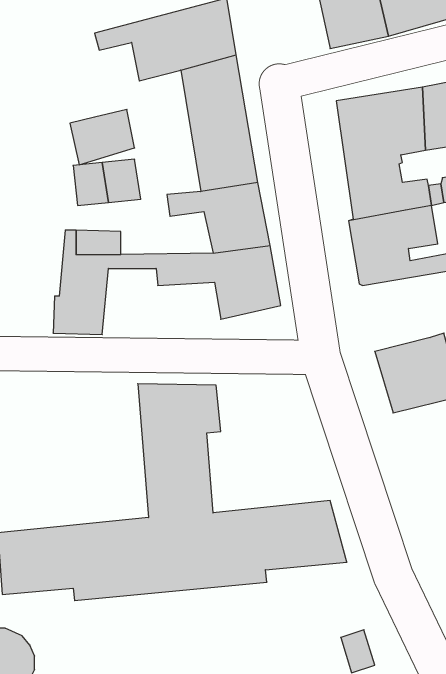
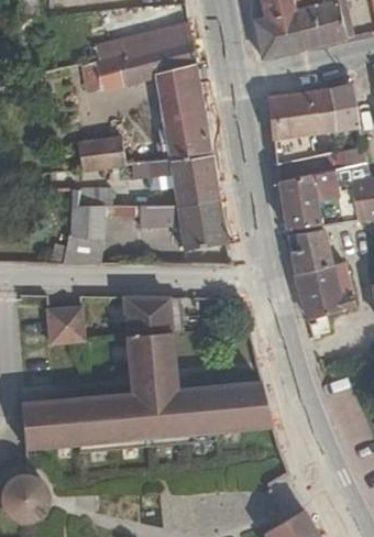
building: [70,109,135,165] -> [79,54,125,94]
building: none -> [286,229,333,275]
building: none -> [50,308,84,341]

